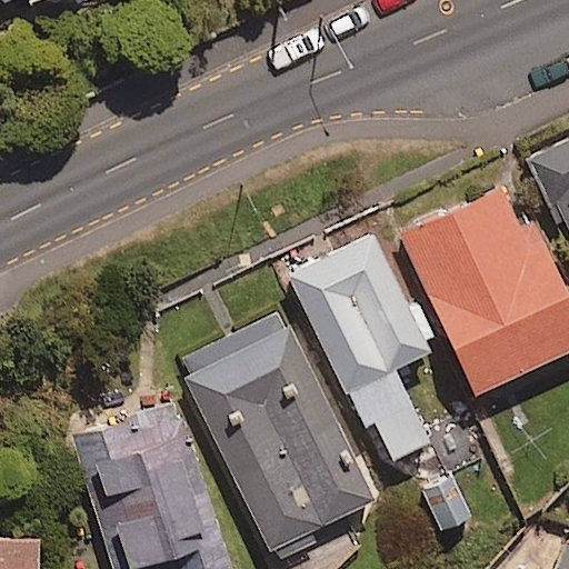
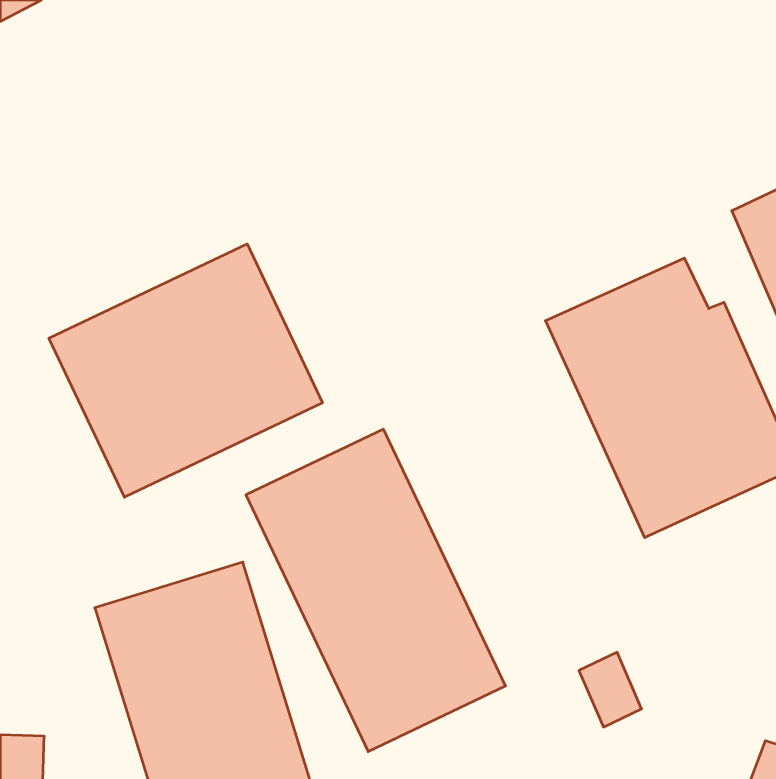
building: none -> [49,244,322,497]
building: [288,236,429,459] -> none

